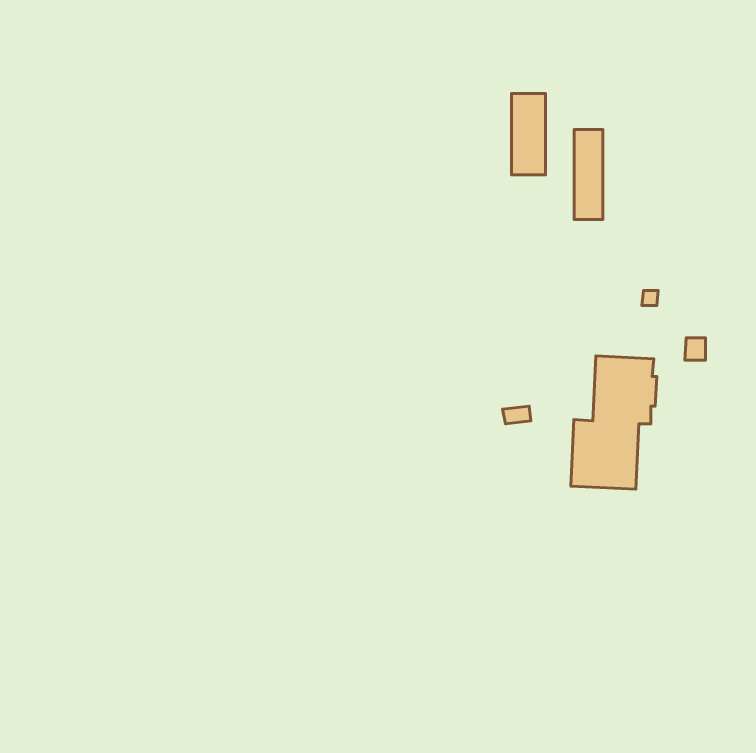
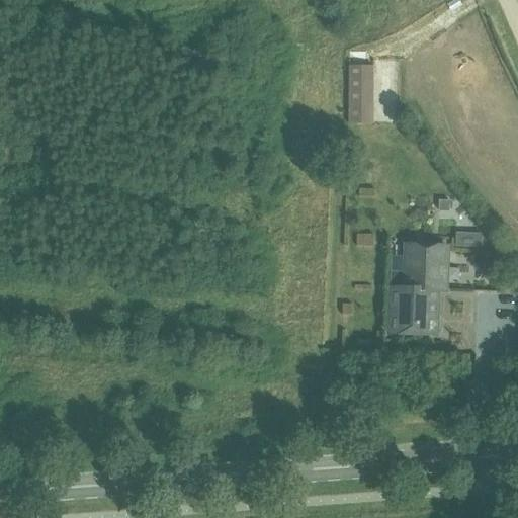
building: [574,130,603,220] -> none

